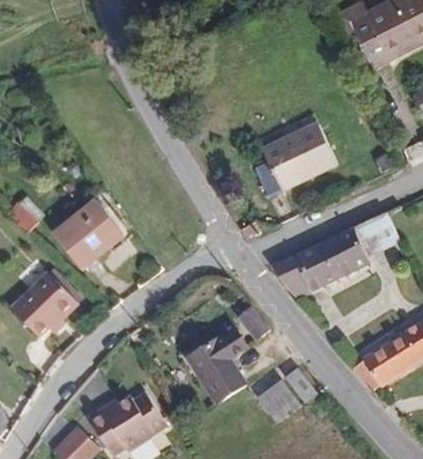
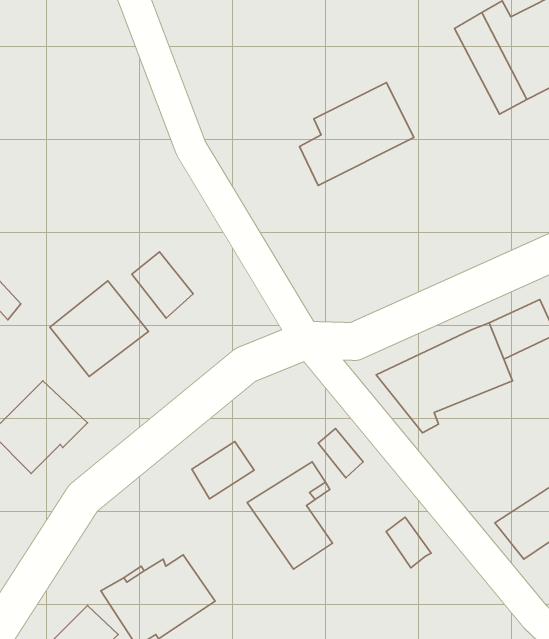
building: [259,120,339,191] -> [299,83,414,185]
building: none -> [132,252,193,318]
building: none -> [192,442,254,499]
building: [255,378,296,421] -> none

